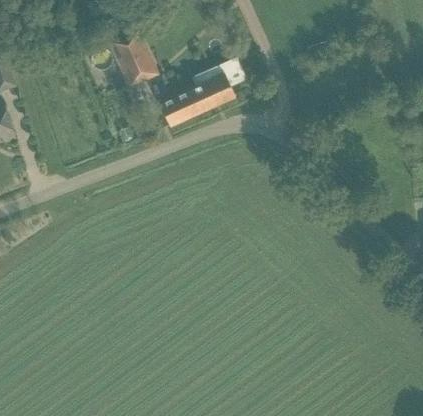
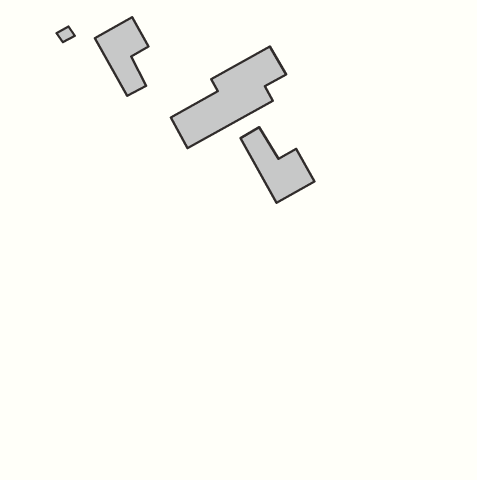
building: none -> [241,127,315,203]

